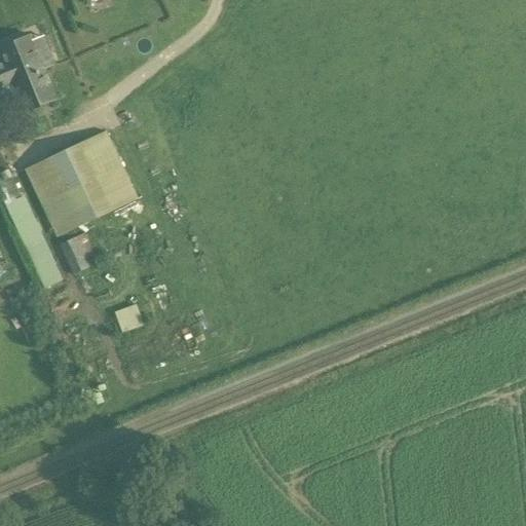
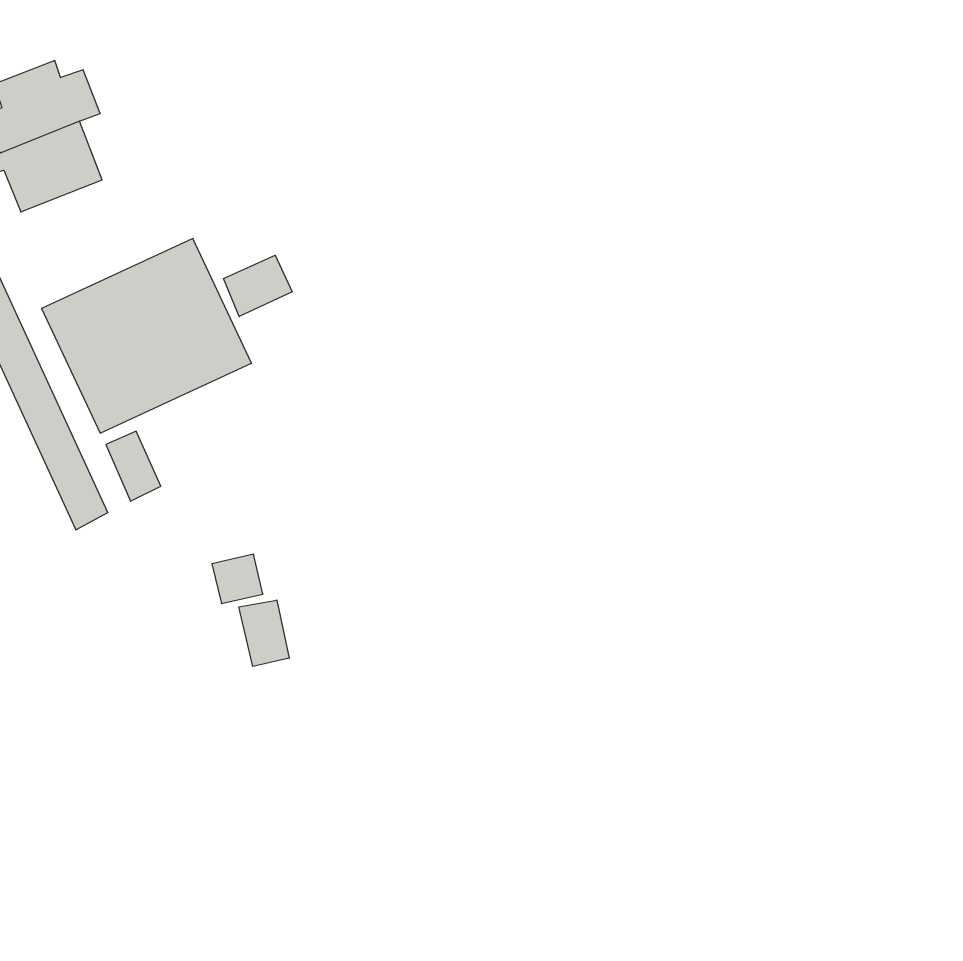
building: none -> [223,255,292,317]
building: none -> [239,600,289,666]

